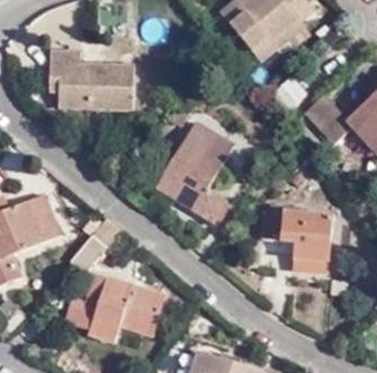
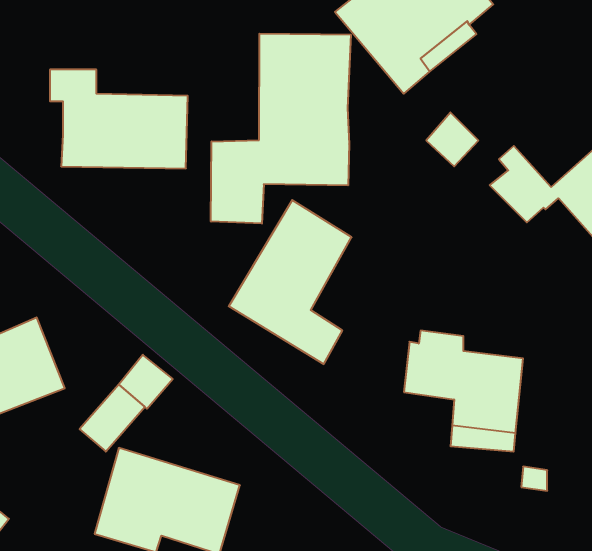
building: none -> [211,34,351,224]

